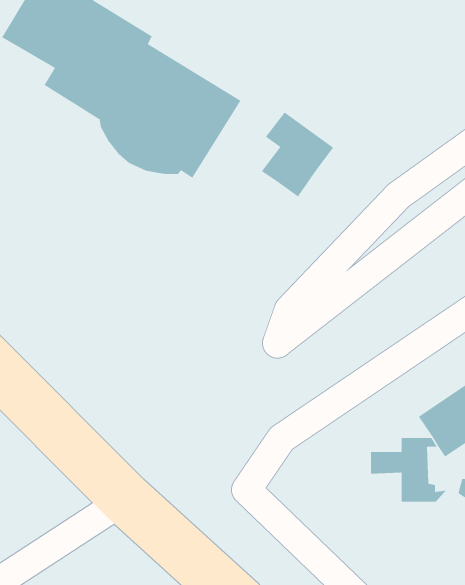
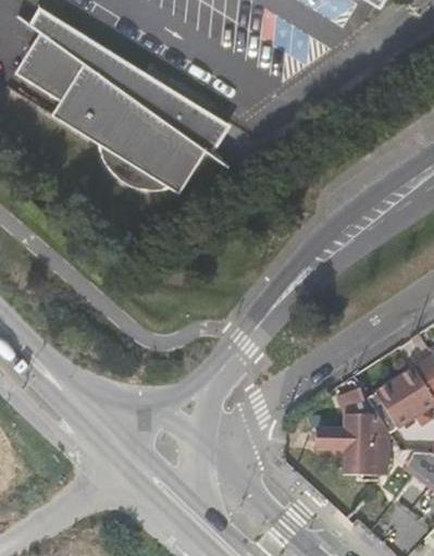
building: [261,112,334,197] -> none

